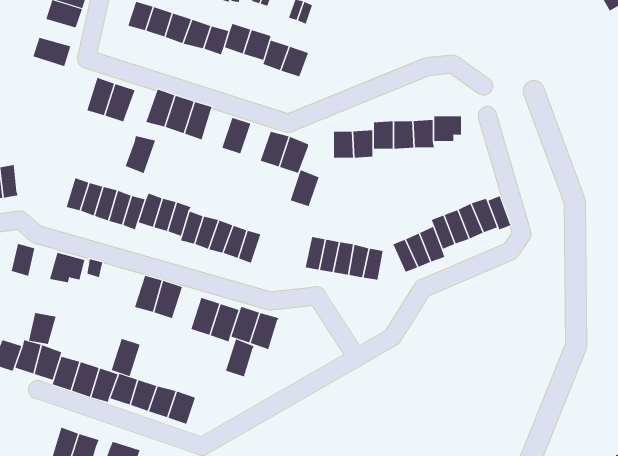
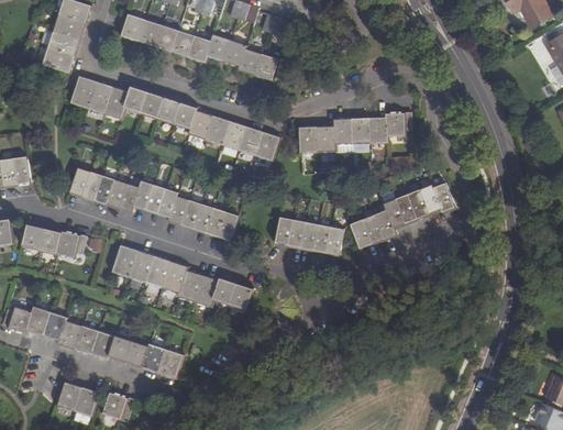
building: none -> [47,31,79,54]
building: none -> [70,76,97,109]
building: none -> [187,109,212,141]
building: [125,135,156,174] -> [122,86,148,119]
building: [290,170,319,207] -> [220,120,245,152]
building: [28,313,56,345] -> [38,227,63,254]
building: [111,338,140,377] -> [112,244,137,277]
building: [225,339,255,377] -> [162,260,187,293]

